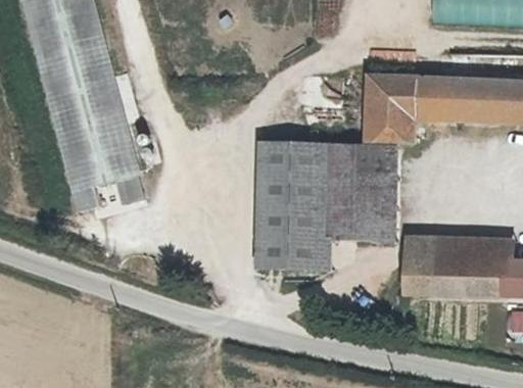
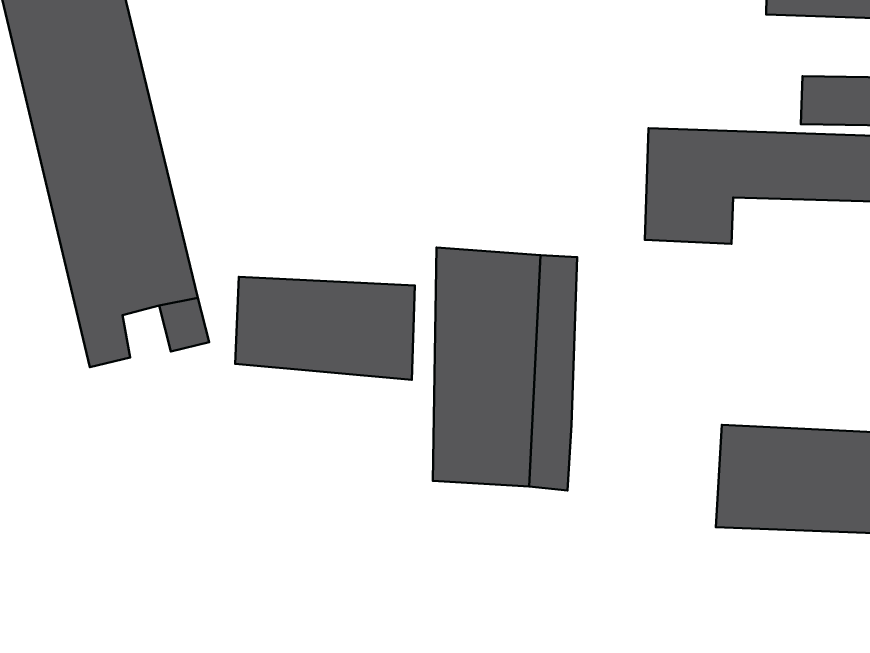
building: [330,148,398,240] -> none
building: none -> [235,277,415,380]

